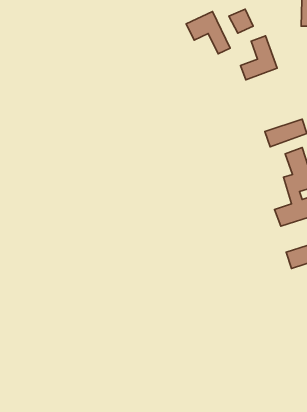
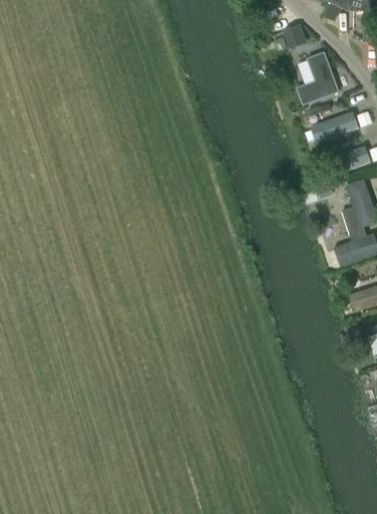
building: [186,11,230,54] -> none
building: none -> [309,111,357,142]

